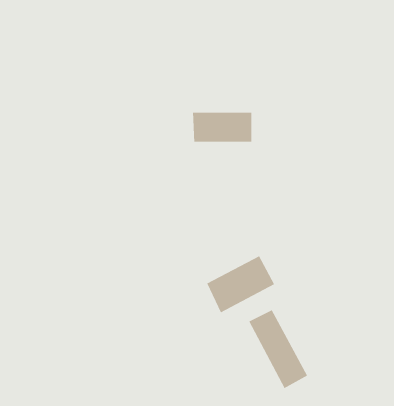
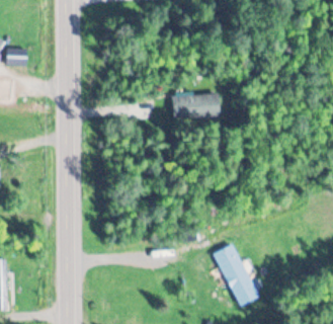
building: [206,255,275,314] -> none

